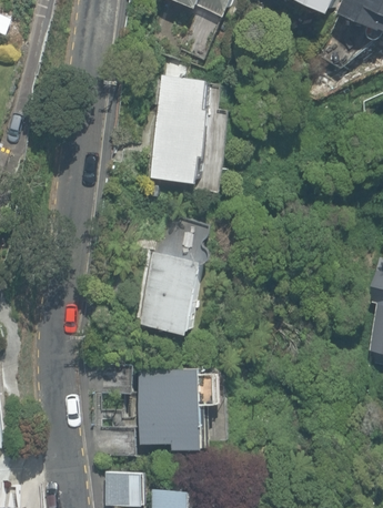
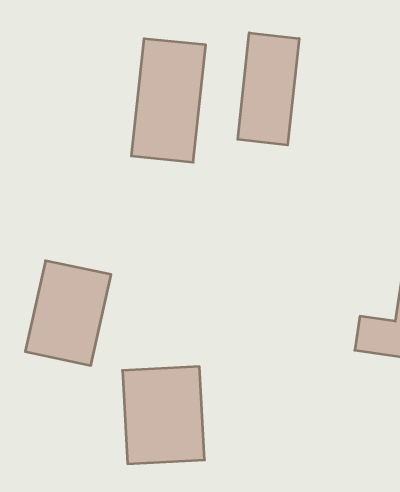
building: none -> [238,33,299,145]
building: [130,236,205,328] -> [25,261,111,365]

